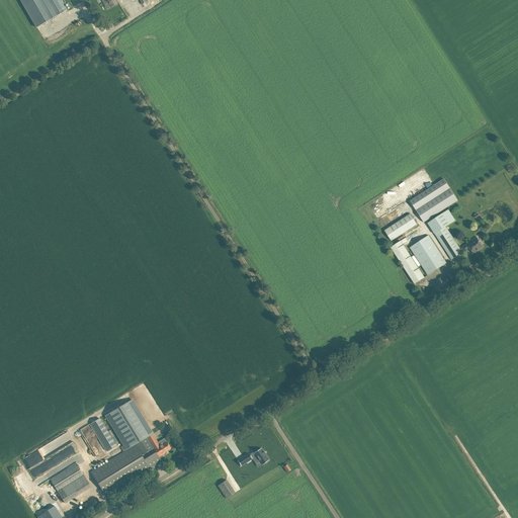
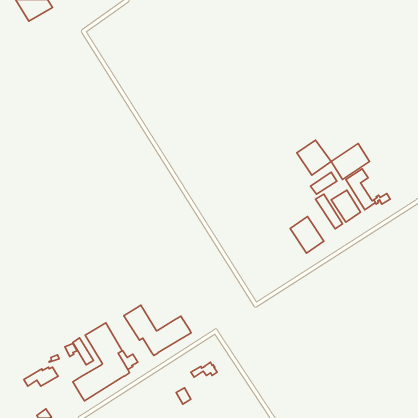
building: none -> [297,140,331,175]
building: none -> [290,217,324,253]
building: none -> [124,305,191,355]
building: [50,462,90,502] -> none

